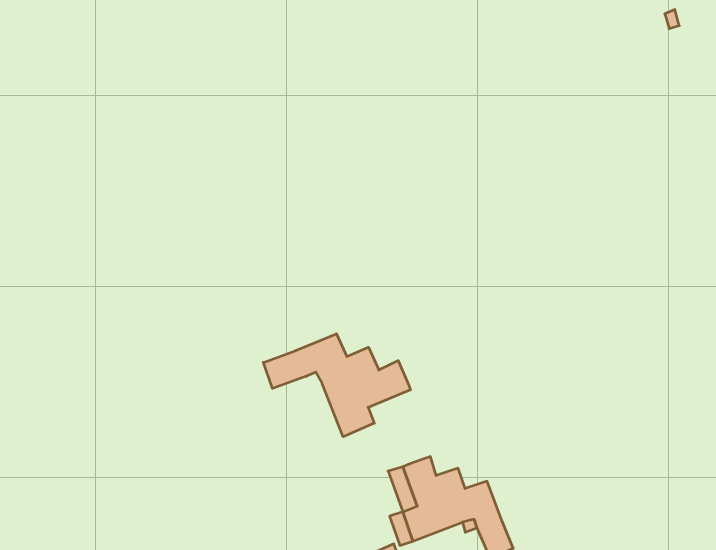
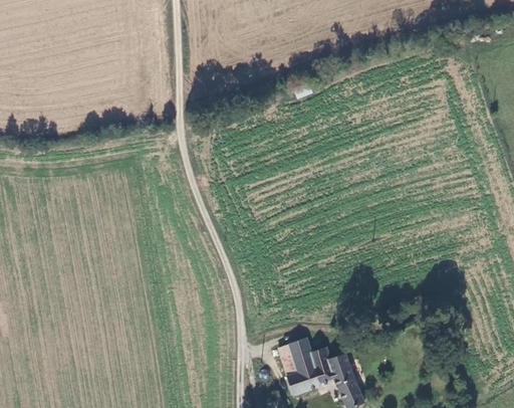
building: [263,334,410,437] -> none

